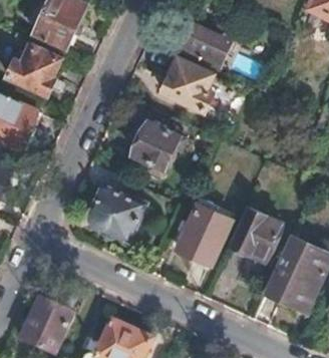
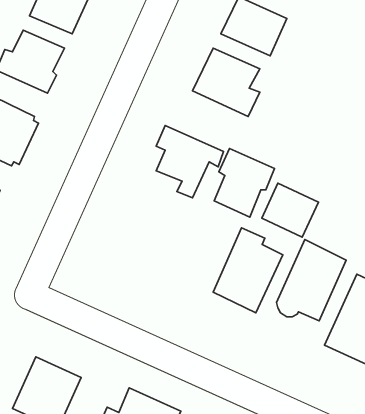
building: none -> [214,149,275,217]
building: none -> [262,183,318,237]
building: [89,186,143,233] -> none

